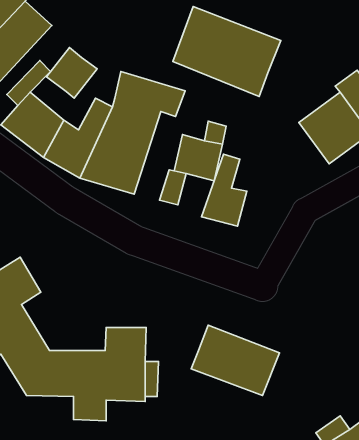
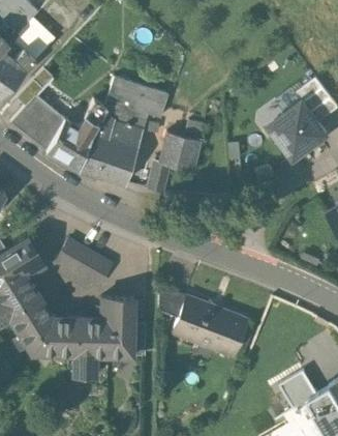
building: [173,7,281,96] -> none
building: [46,47,97,98] -> none
building: [201,154,247,226] -> none
building: none -> [58,239,114,289]
building: none -> [159,287,188,318]

